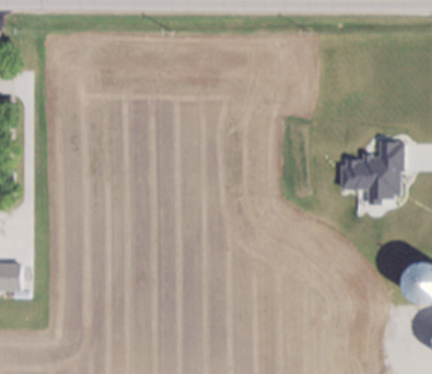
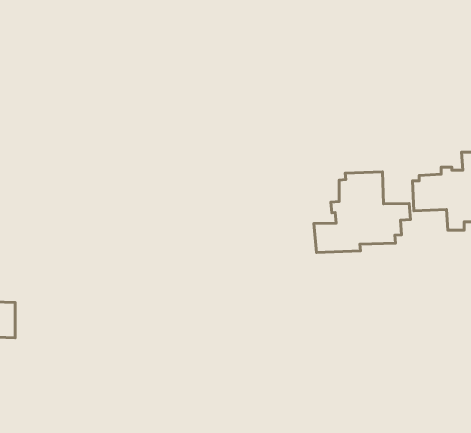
building: none -> [314,172,410,253]

